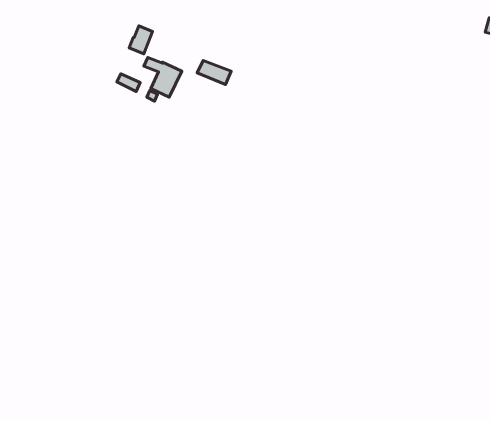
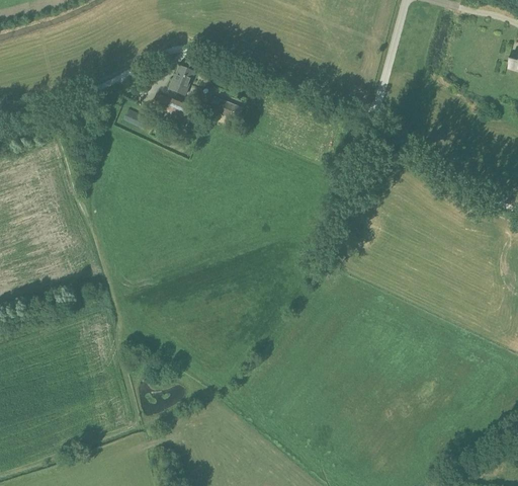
building: [129,26,153,54] -> [169,65,193,94]

